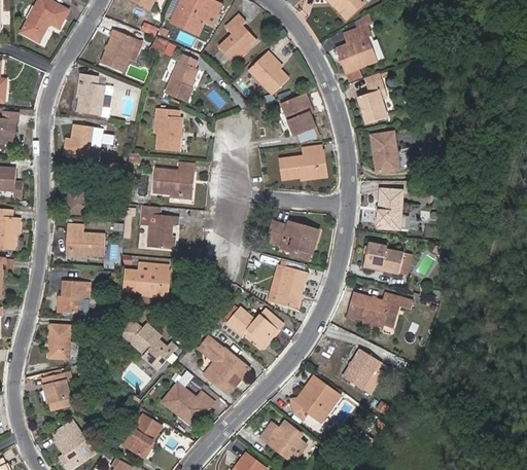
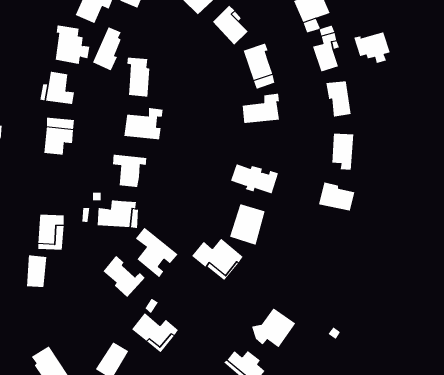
building: [166,55,198,103] -> [92,26,122,71]
building: none -> [354,32,391,64]
building: [67,222,105,255] -> none
building: [346,292,413,325] -> none
building: [201,339,248,395] -> [135,227,179,278]
building: [343,350,380,390] -> none
building: [43,372,69,409] -> none

